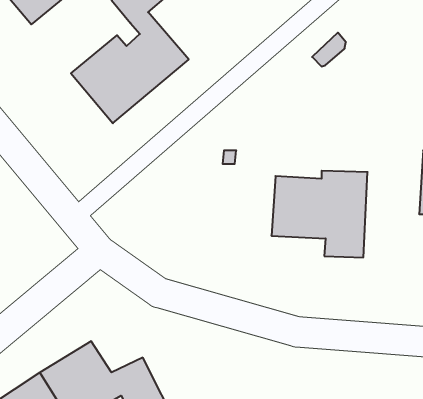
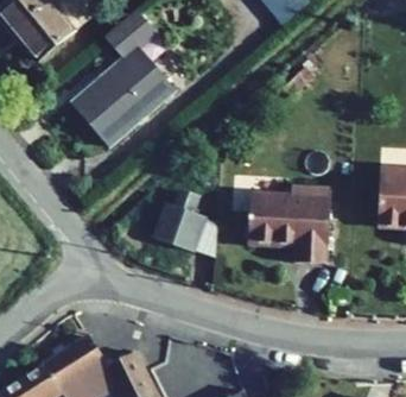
building: none -> [154,190,216,256]

